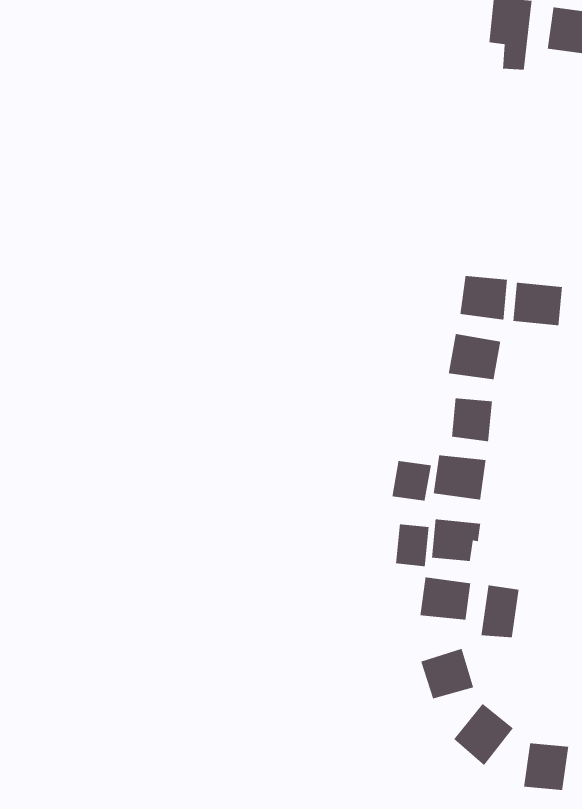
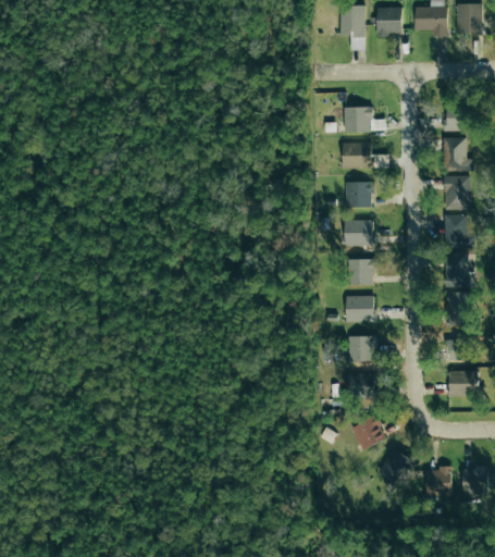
building: none -> [345,107,374,132]
building: [513,282,563,326] -> [343,143,373,169]
building: [391,460,432,502] -> none
building: [395,523,430,567] -> none
building: [481,585,519,638] -> none

